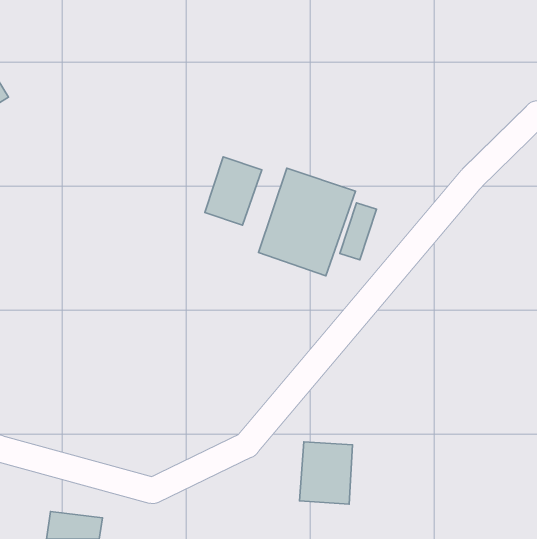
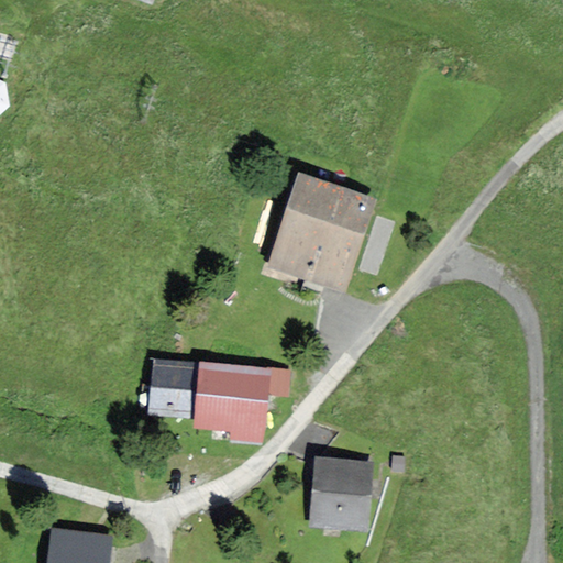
building: [205,157,262,225] -> none
building: none -> [150,360,287,438]

